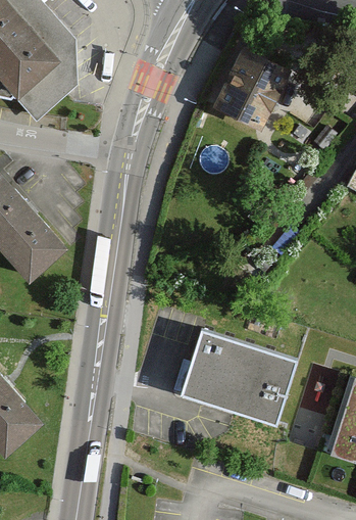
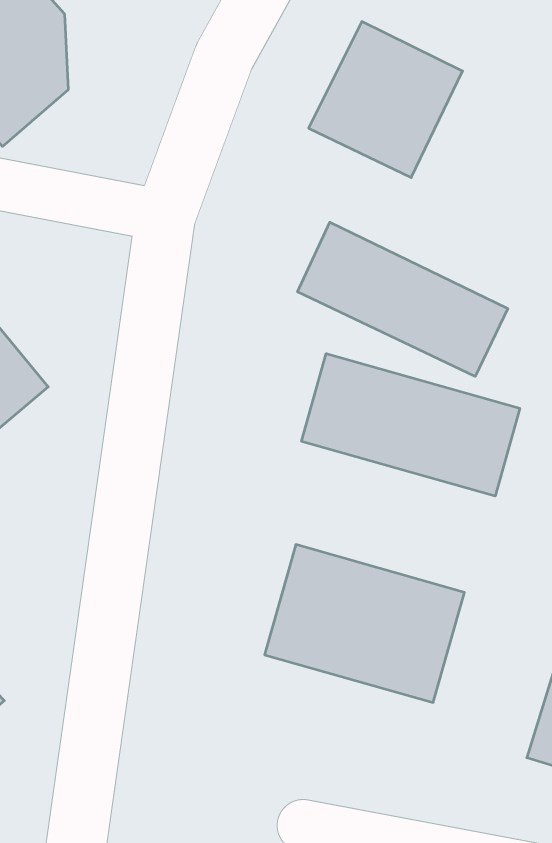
building: none -> [298,222,508,376]
building: none -> [302,354,520,496]

